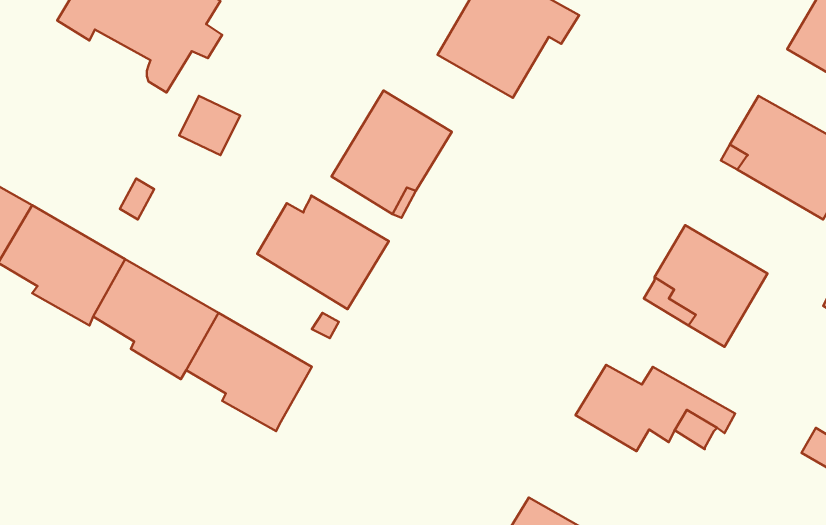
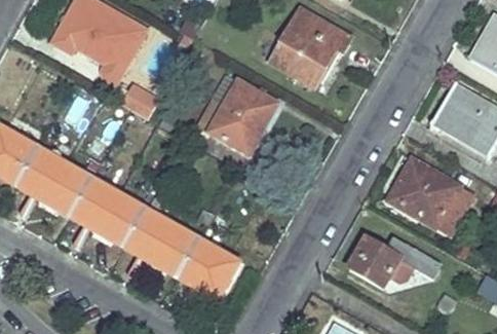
building: [257,195,389,309] -> none
building: none -> [179,238,239,299]

